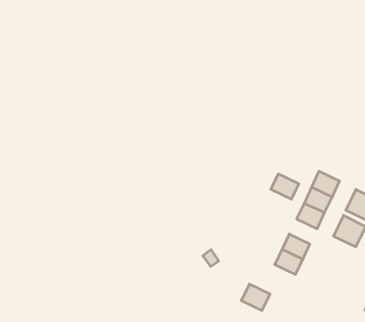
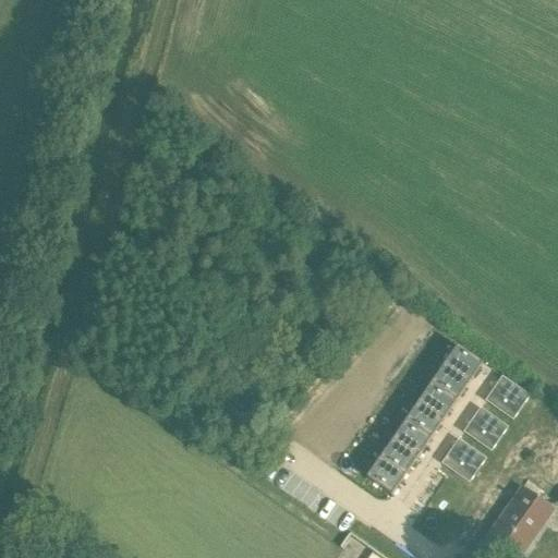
building: [271,174,299,199] -> [403,399,441,435]
building: none -> [439,436,484,480]
building: [241,284,270,310] -> [364,454,403,492]

